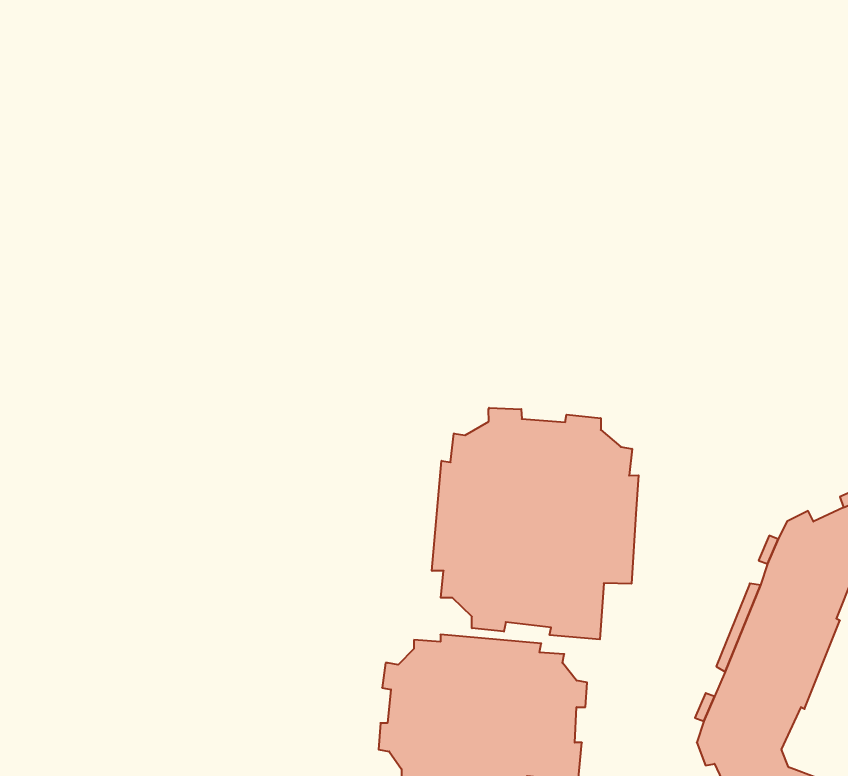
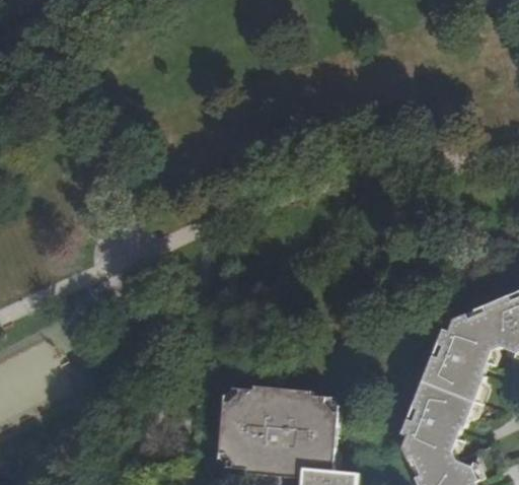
building: [432,408,639,639] -> none

